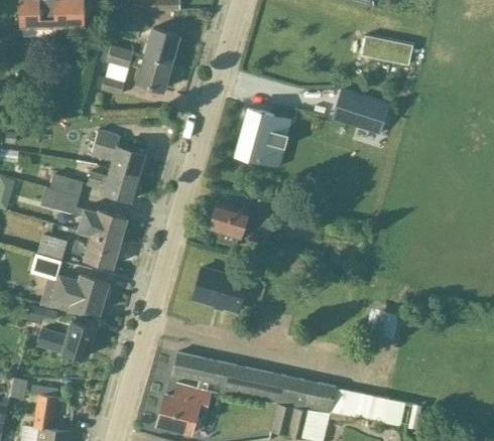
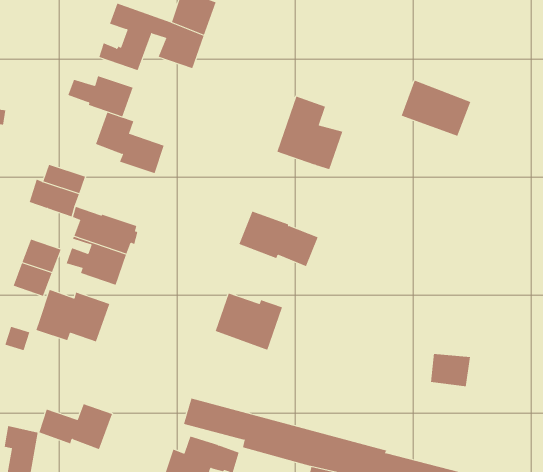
building: [360,35,412,63] -> none
building: [87,169,139,201] -> [67,76,133,117]
building: [37,322,96,358] -> [39,403,113,450]

